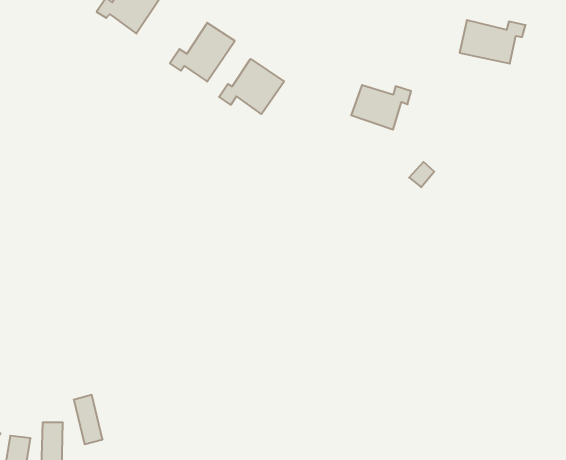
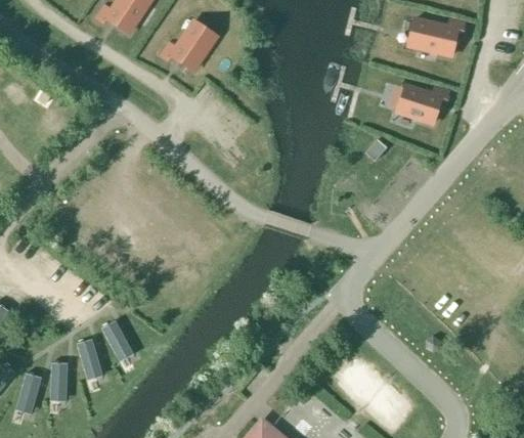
building: [219,59,284,114] -> none
building: [351,85,411,130] -> [395,86,446,124]
building: none -> [101,318,134,361]

